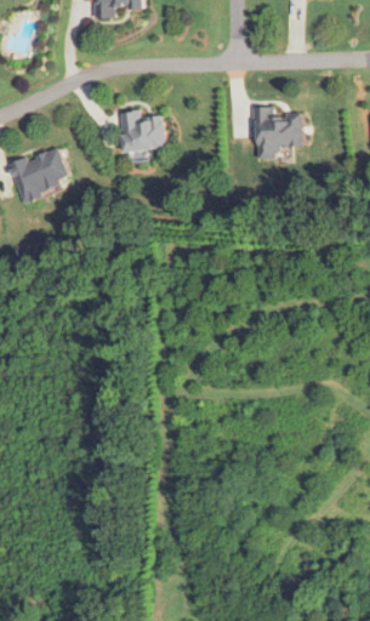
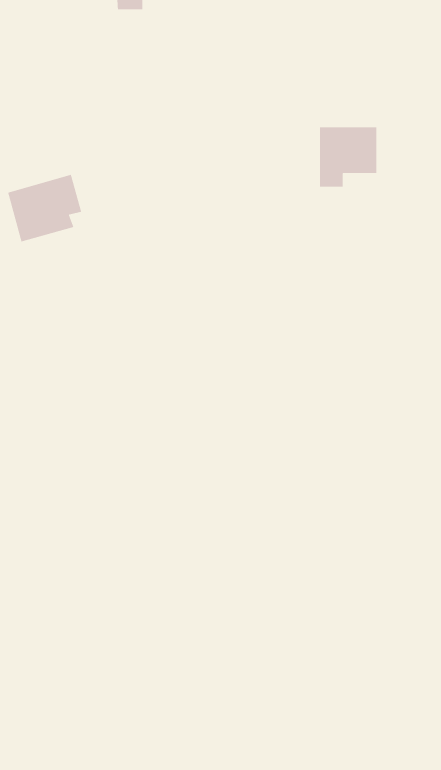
building: [119,110,165,153] -> none

